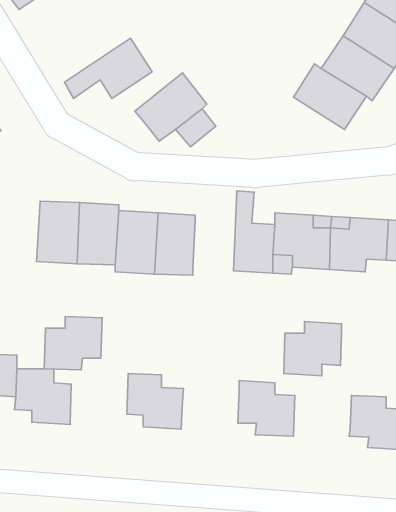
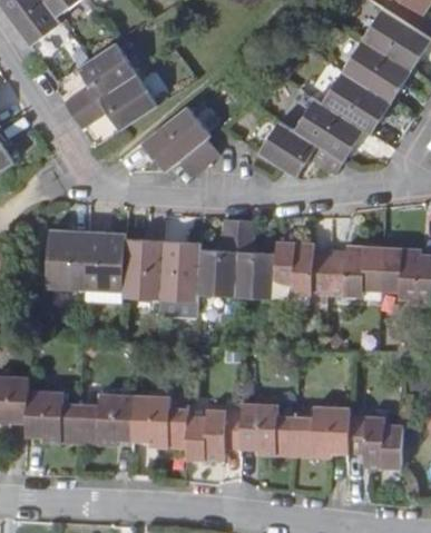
building: none -> [63,42,136,116]
building: none -> [257,120,342,177]
building: none -> [196,219,238,297]
building: [44,317,102,370] -> [78,395,134,446]
building: [284,321,342,376] -> [293,406,349,458]
building: none -> [185,409,241,461]

